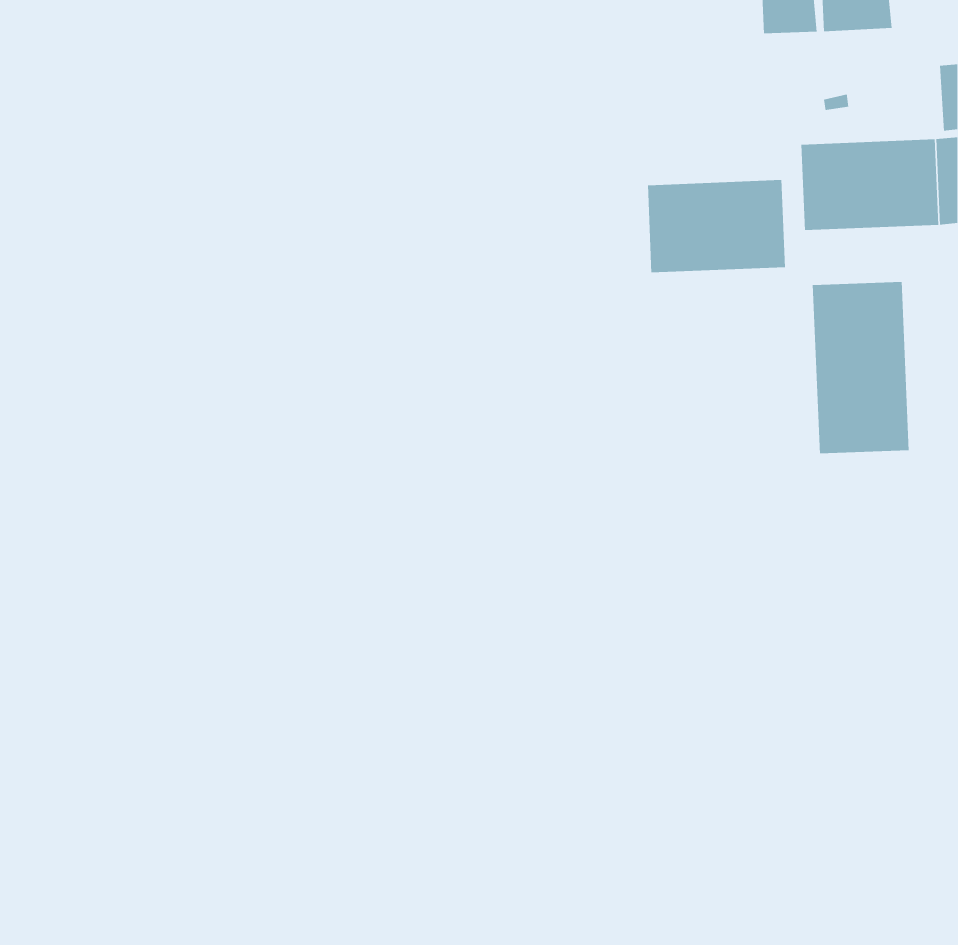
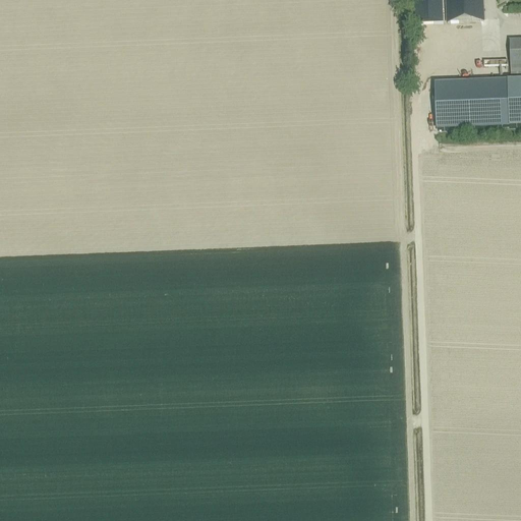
building: [647,179,785,273] -> none
building: [812,281,909,454] -> none

